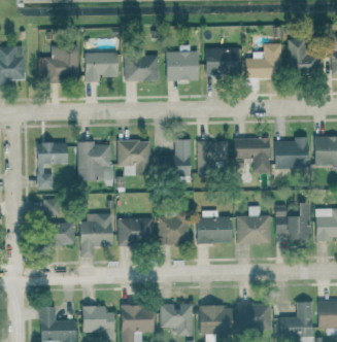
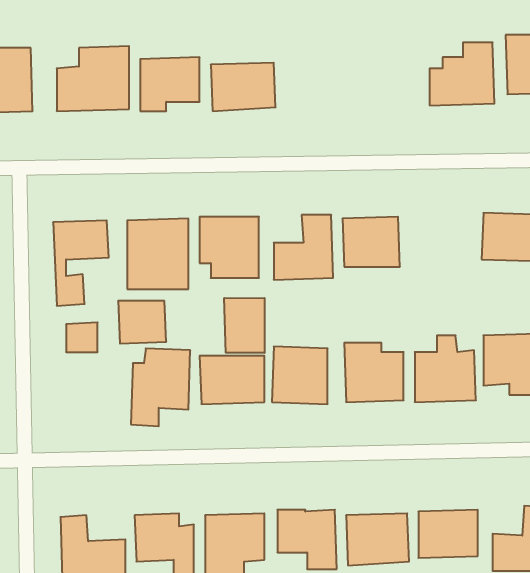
building: [205,47,239,73] -> none
building: [166,50,199,80] -> none
building: [234,138,270,172] -> none
building: none -> [224,298,265,353]
building: [48,223,75,246] -> [118,301,166,344]

